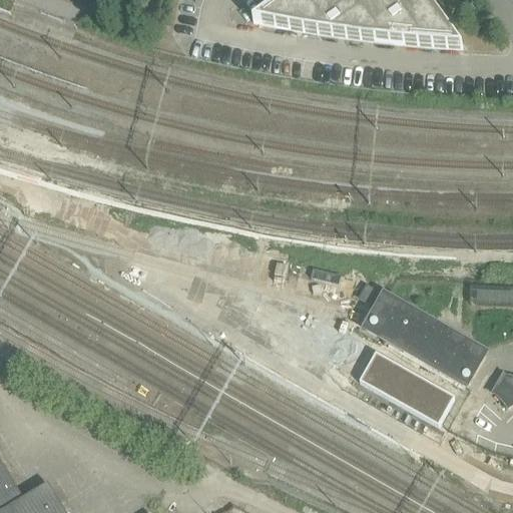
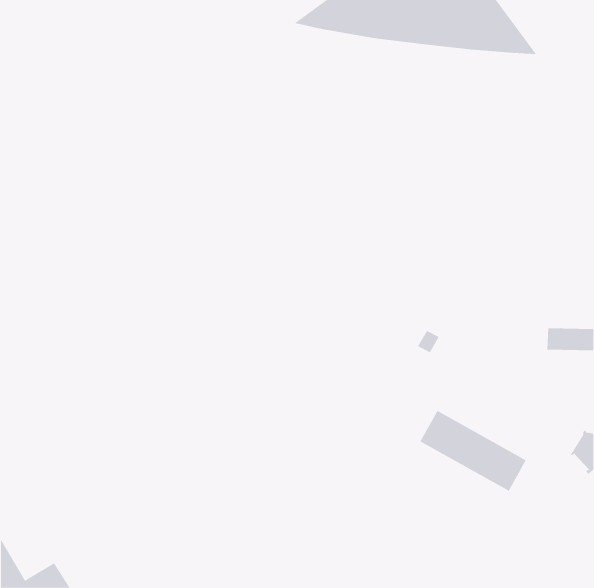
building: [362,291,490,390] -> none

